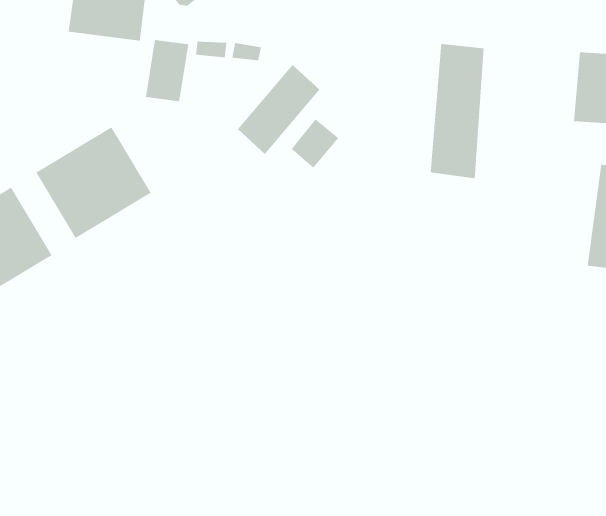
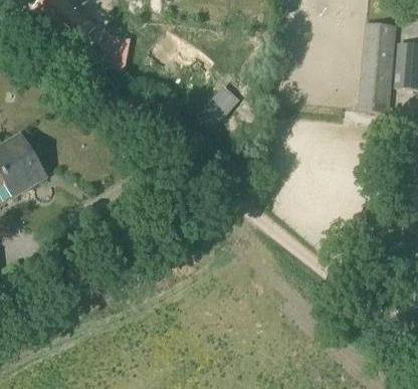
building: [430,44,484,179] -> [359,22,395,112]
building: [237,64,320,155] -> none
building: [36,127,151,239] -> none

